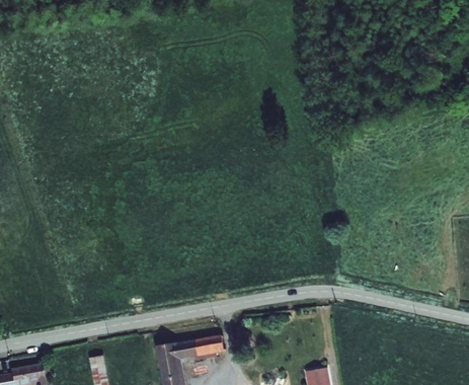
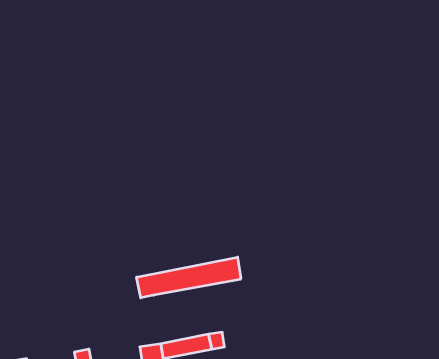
building: none -> [137,257,241,298]

